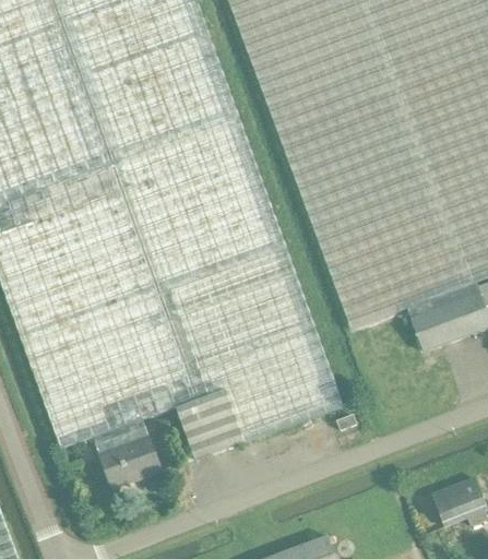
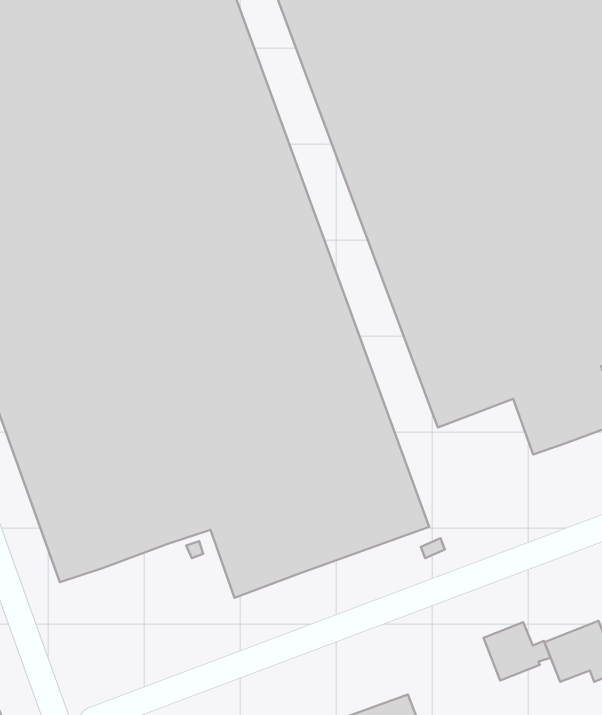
building: [93,418,163,489] -> none
building: none -> [484,622,550,680]

